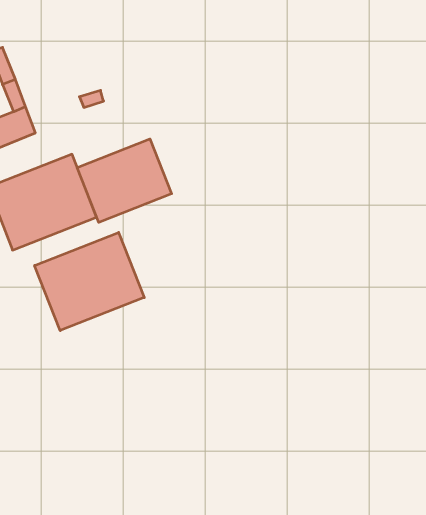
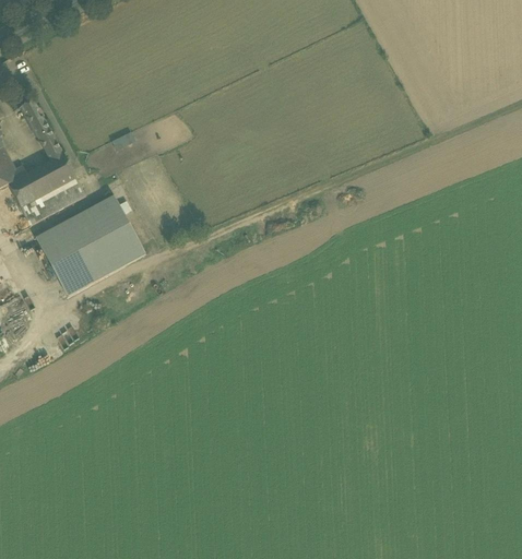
building: [77,139,172,222] -> none
building: [35,232,144,331] -> none

